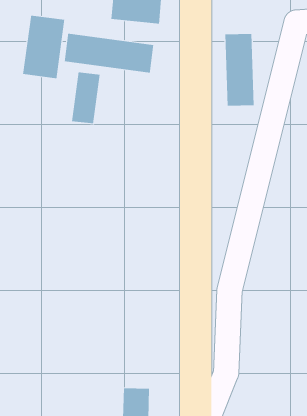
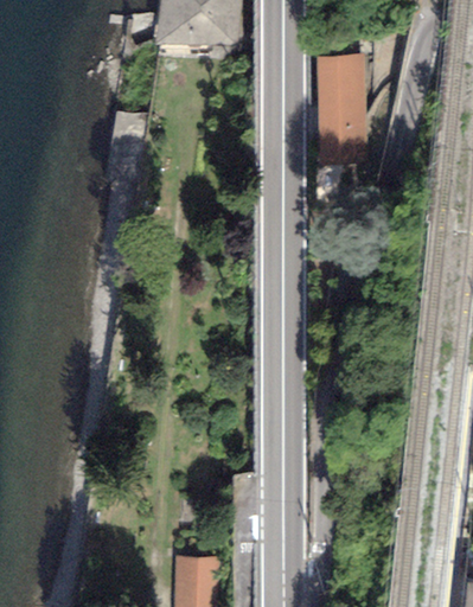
building: [23,15,65,79] -> none
building: [64,33,154,73] -> none

